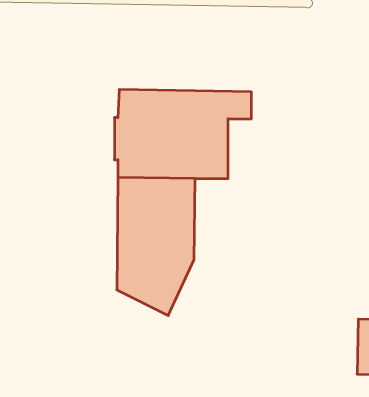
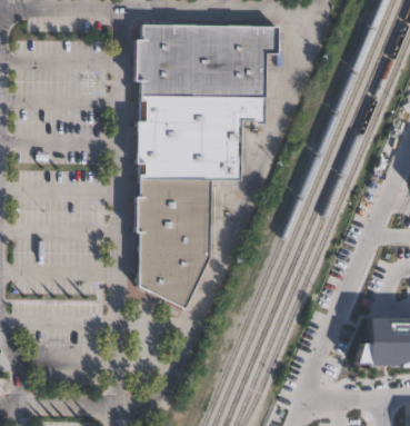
building: none -> [136,22,281,98]

